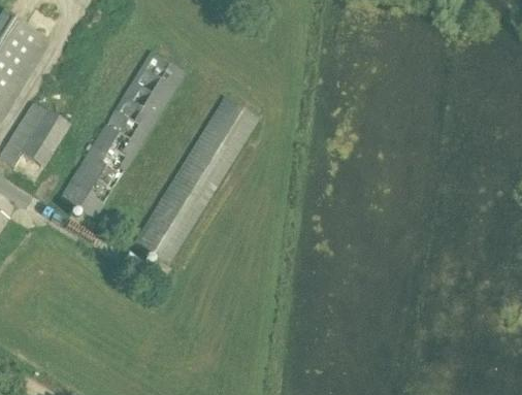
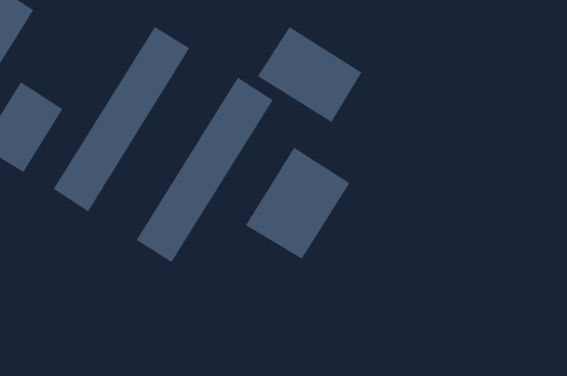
building: none -> [257,26,362,123]
building: none -> [245,147,350,260]

